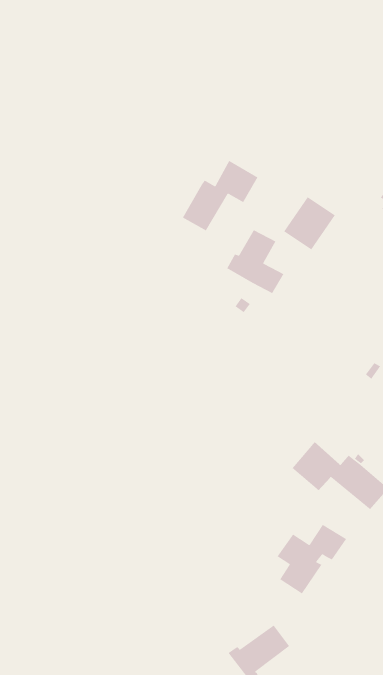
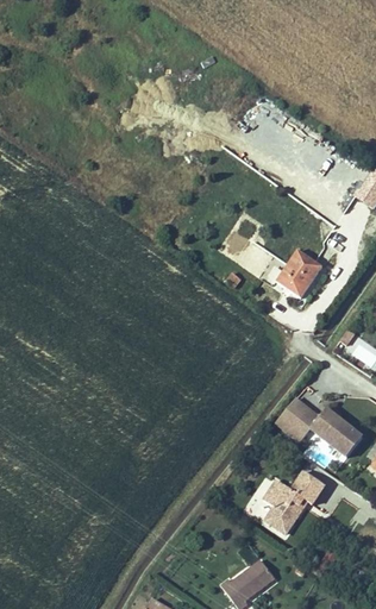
building: [182,160,259,231] -> none
building: [283,196,336,251] -> [276,250,322,297]

